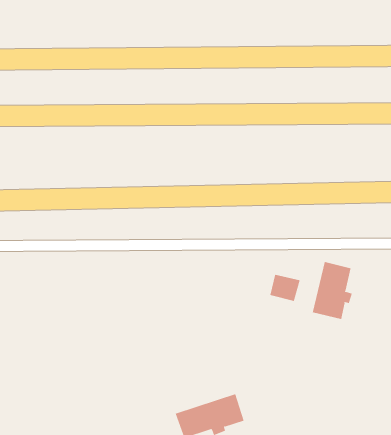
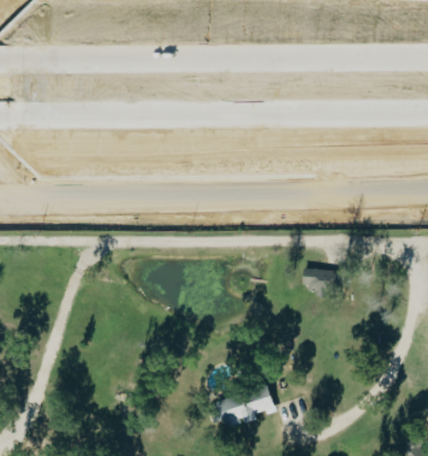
building: [312,261,353,320] -> none

